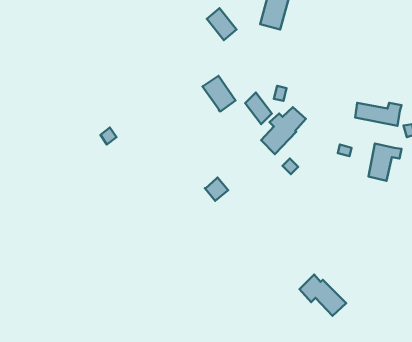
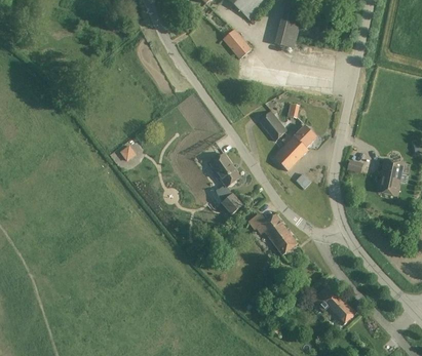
building: [203,76,236,111] -> [209,153,241,187]
building: [355,103,402,126] -> none
building: none -> [247,212,298,254]

